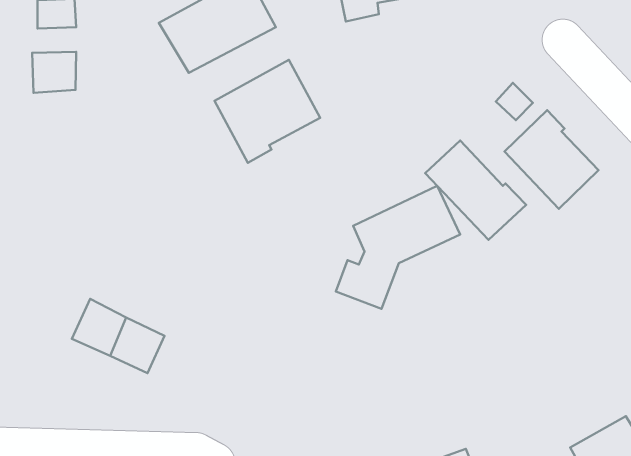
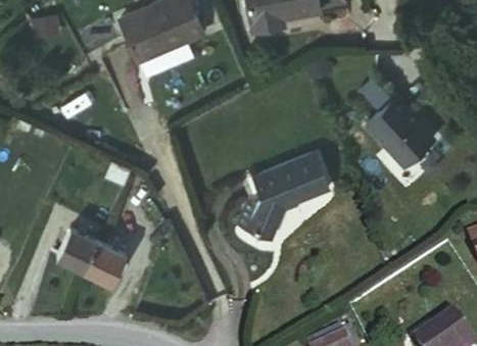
building: [32,52,76,93] -> none
building: [214,60,320,163] -> none
building: [425,140,526,240] -> none

